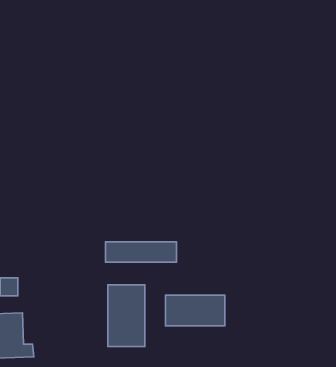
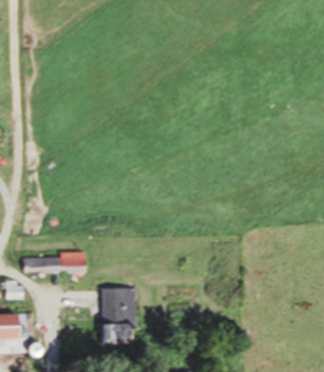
building: [106,242,176,262] -> [22,256,85,274]
building: [165,295,225,326] -> none

